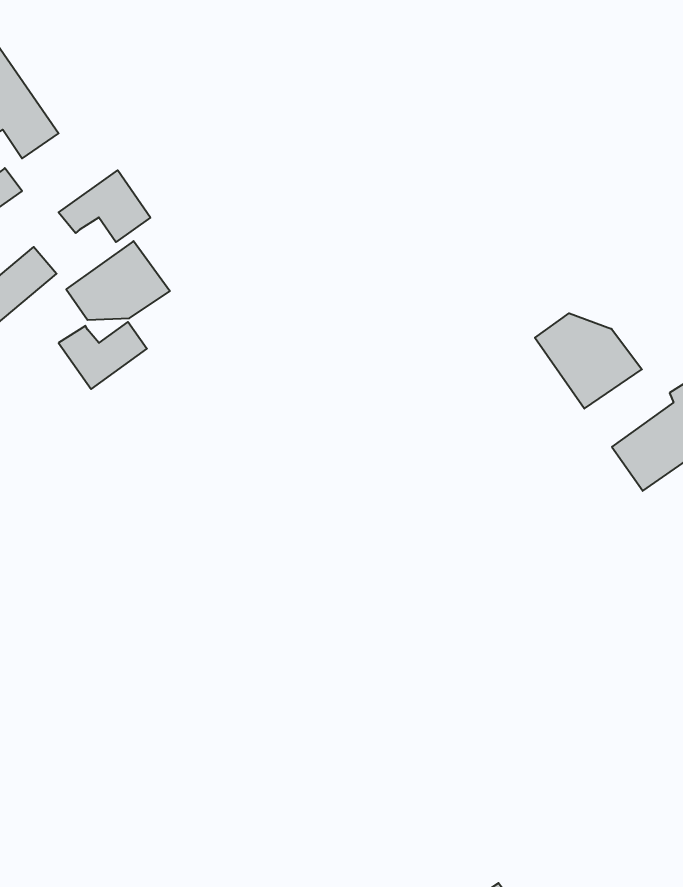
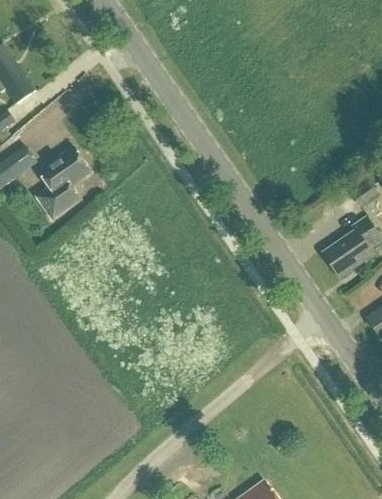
building: [59,170,150,242] -> none
building: [535,313,642,409] -> none

